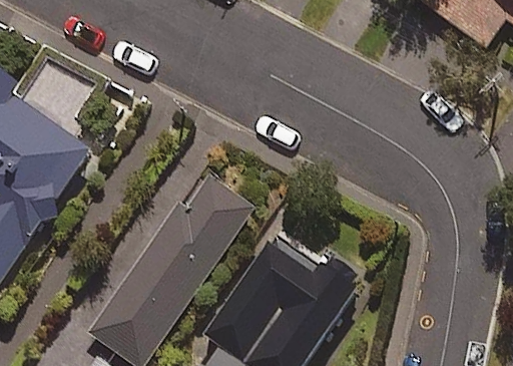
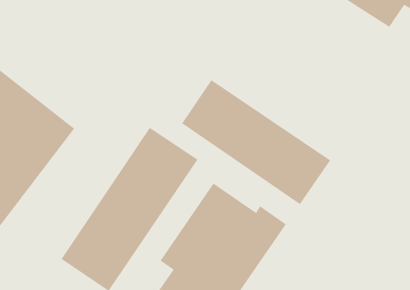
building: none -> [181,79,331,205]

